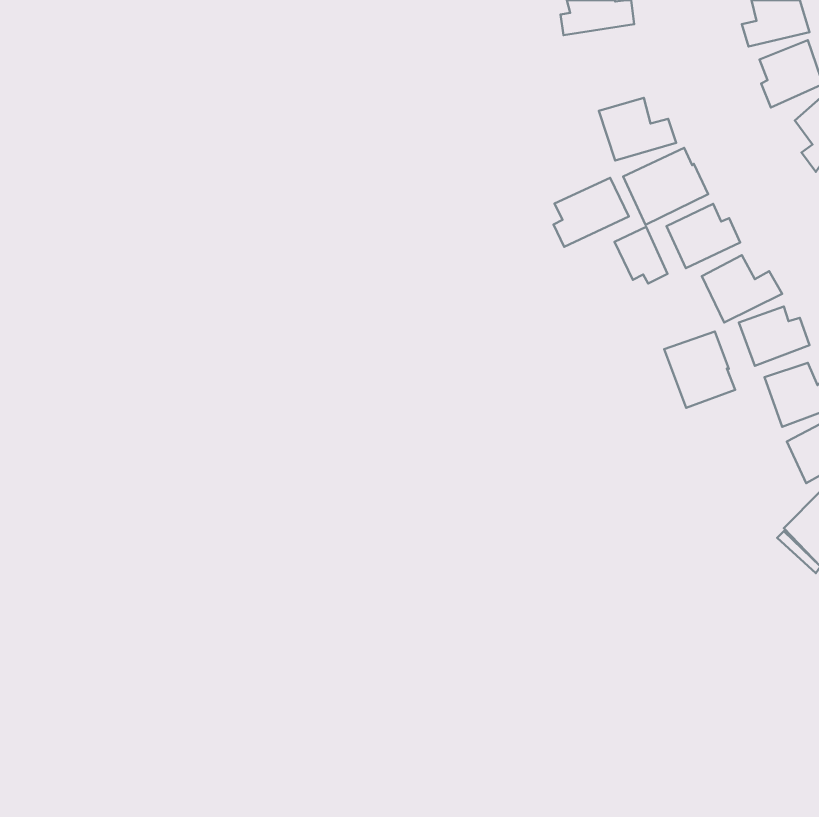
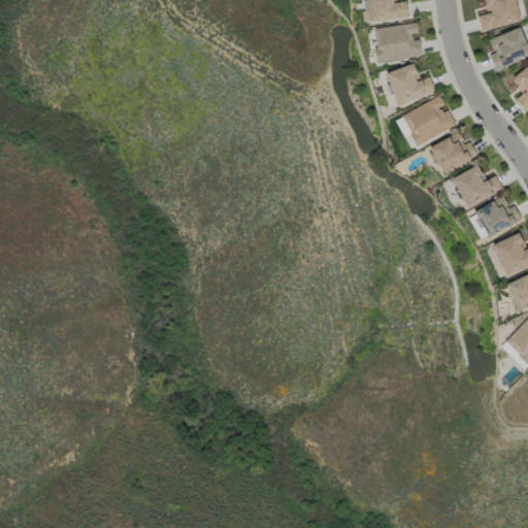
building: none -> [373,24,421,63]
building: [554,178,629,247] -> none
building: [615,227,668,283] -> none
building: [664,331,735,408] -> none

